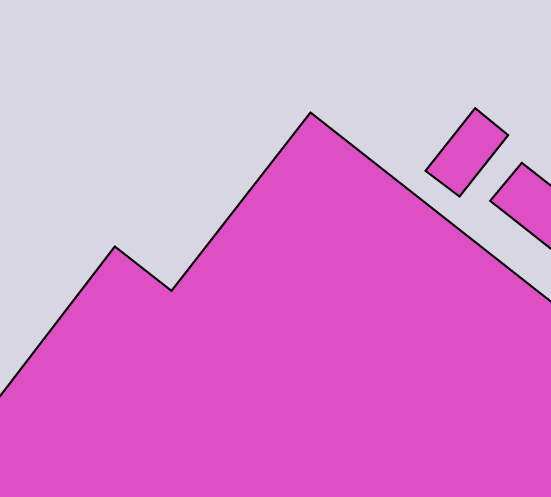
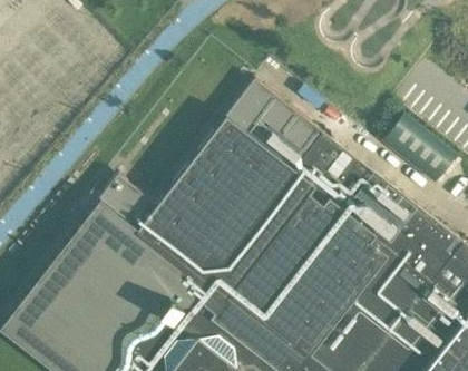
building: [426,108,508,196] -> none

